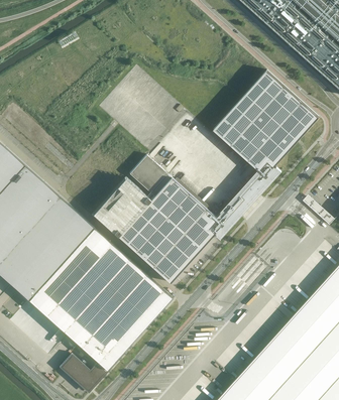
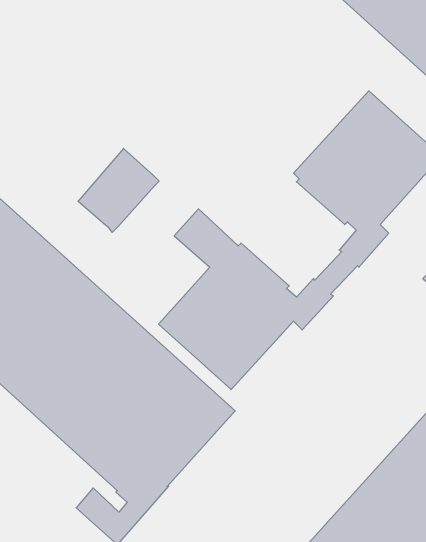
building: [93,176,150,236] -> [78,148,159,232]

